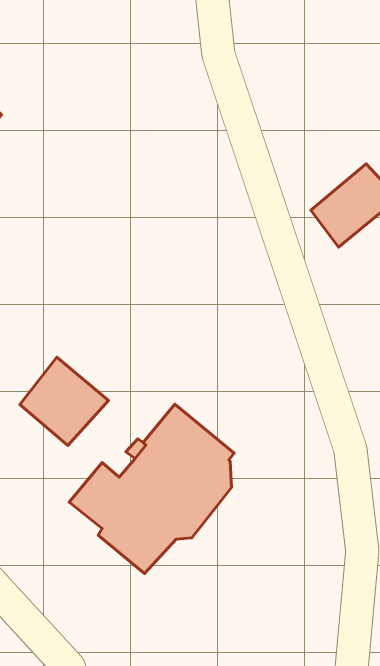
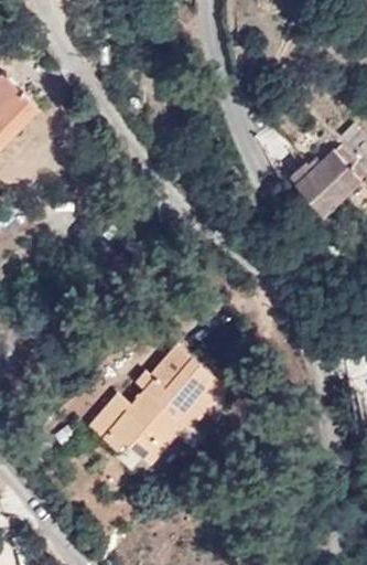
building: [20,357,108,445] -> none

